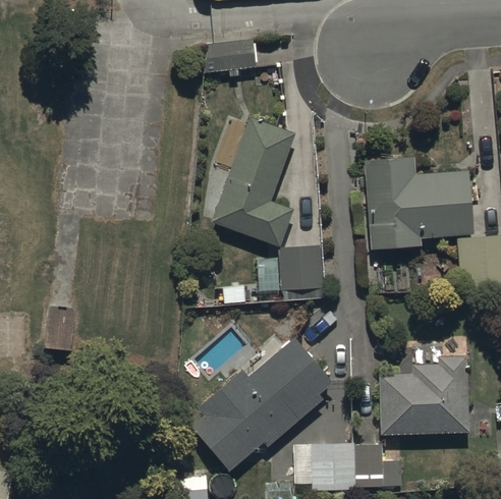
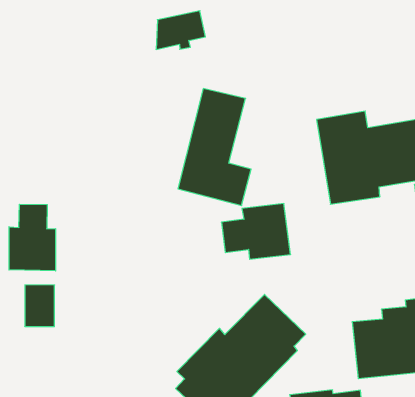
building: none -> [9,204,56,271]

